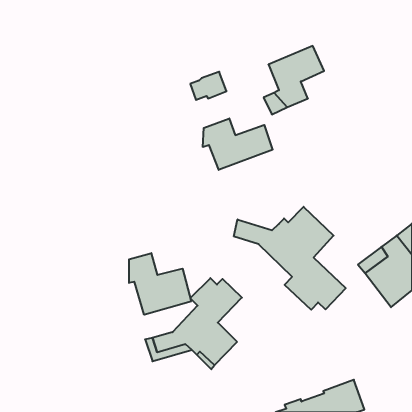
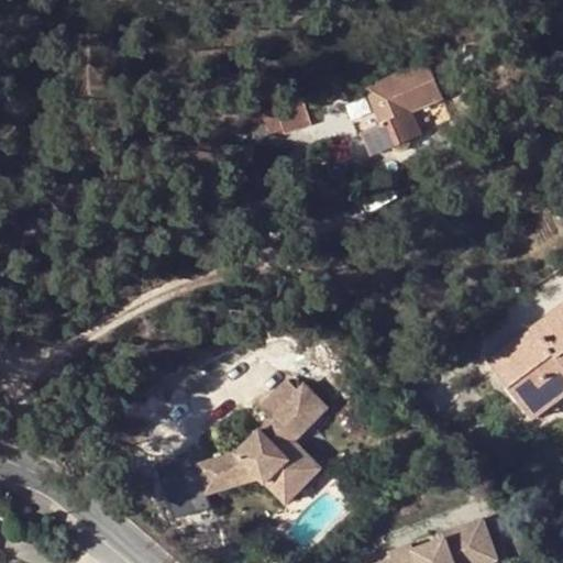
building: [203,118,273,170] -> none
building: [234,207,346,310] -> none
building: [129,253,191,315] -> none

